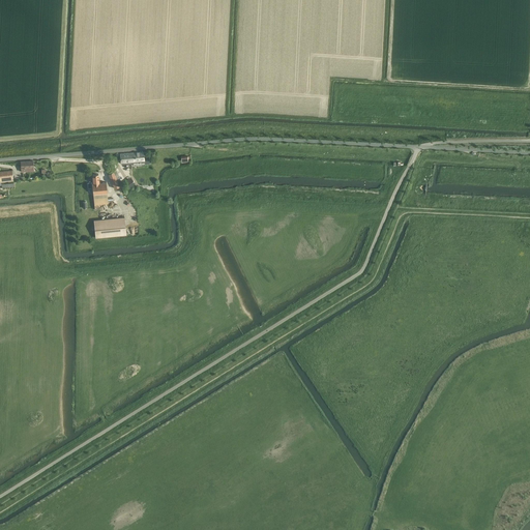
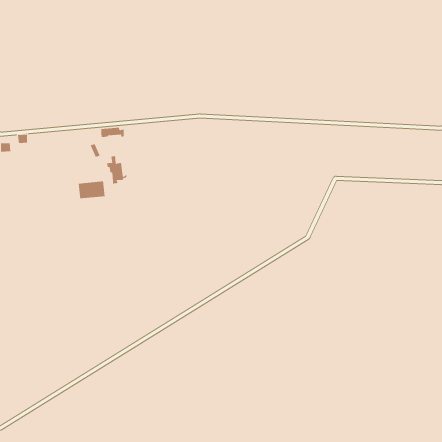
building: [87,174,112,208] -> [106,156,127,184]

